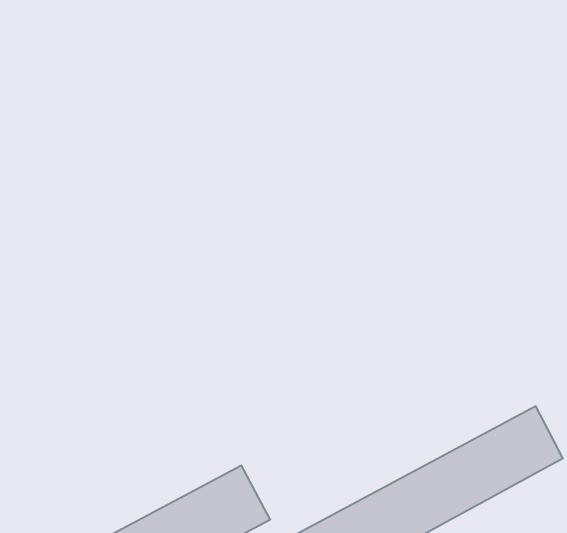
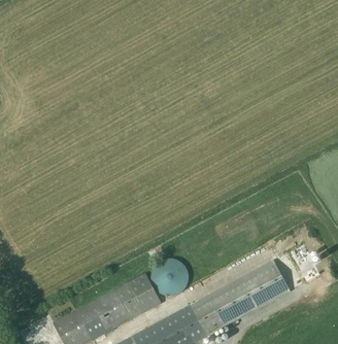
building: none -> [150,257,188,296]

